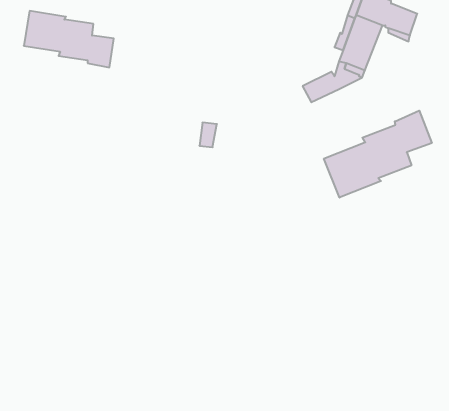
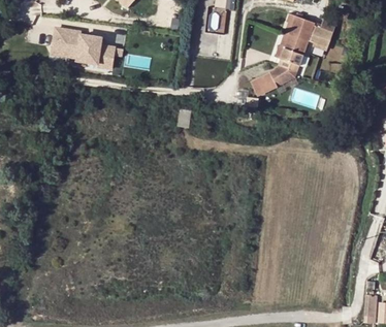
building: [324,111,432,198] -> none

